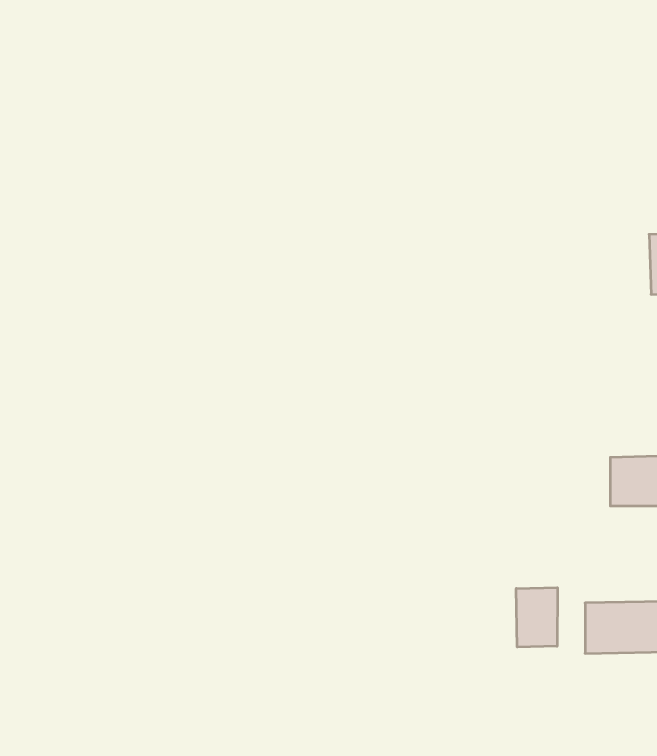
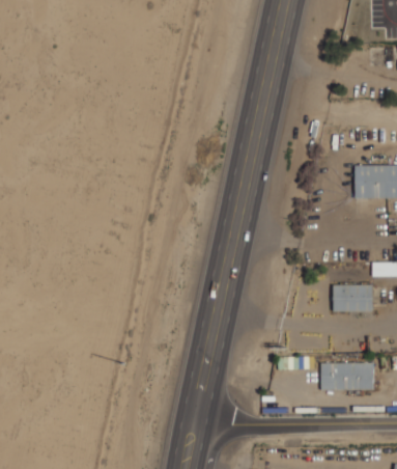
building: [516,588,557,647] -> none

